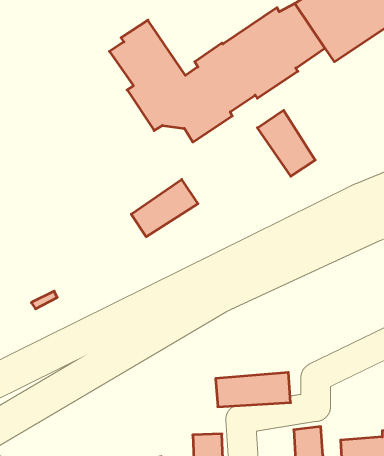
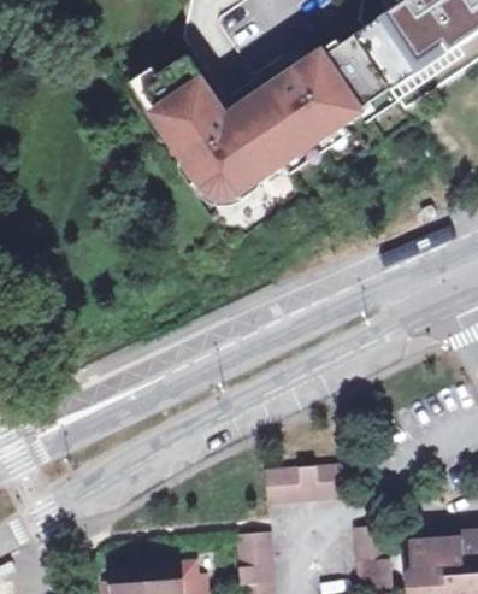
building: [257,110,315,176] -> none
building: [131,179,198,237] -> none

